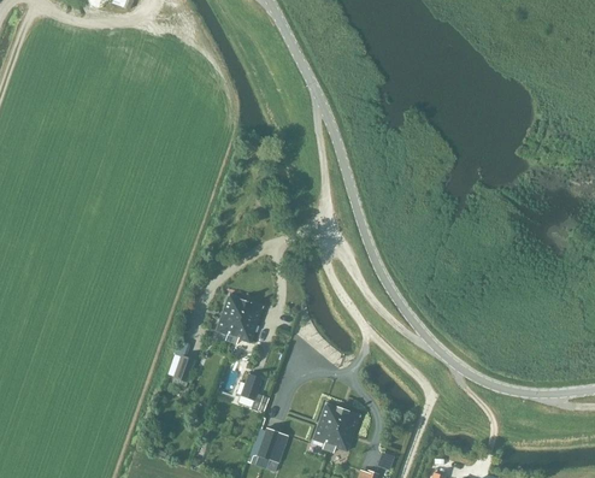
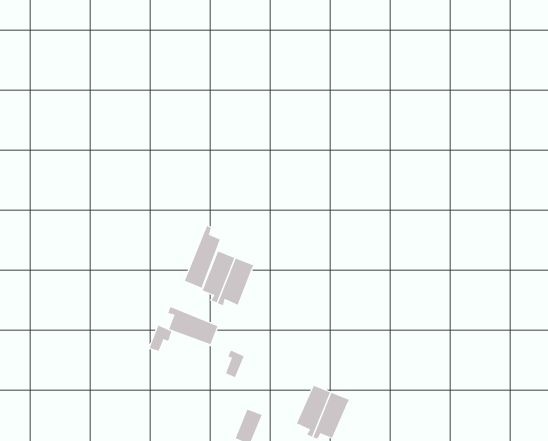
building: none -> [184,225,220,289]
building: none -> [168,306,218,346]

